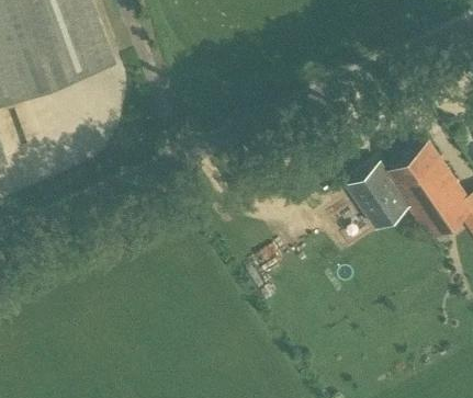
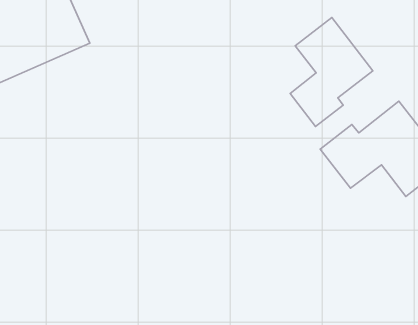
building: none -> [290,17,373,127]

